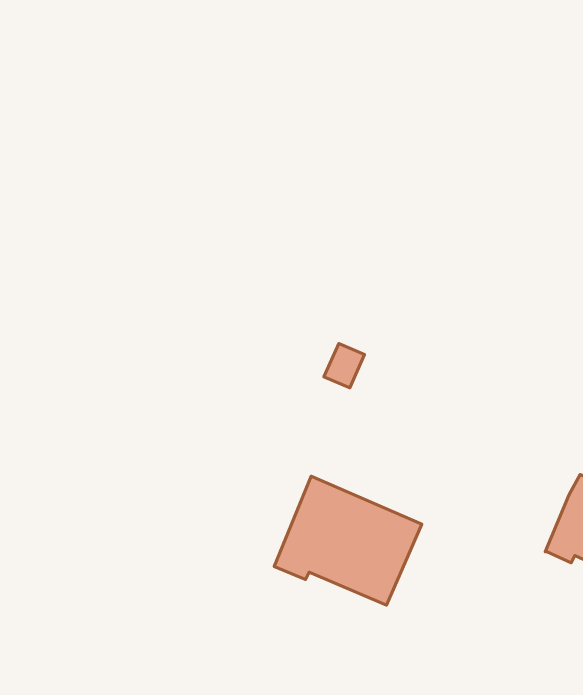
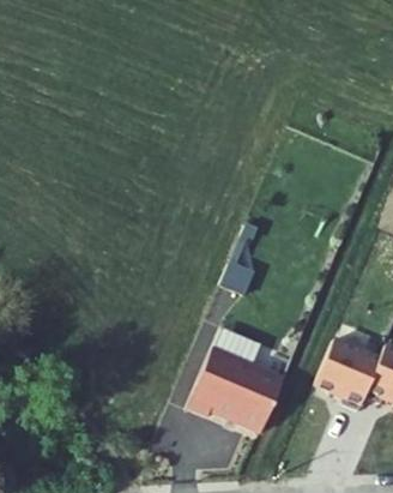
building: none -> [316,337,382,408]

